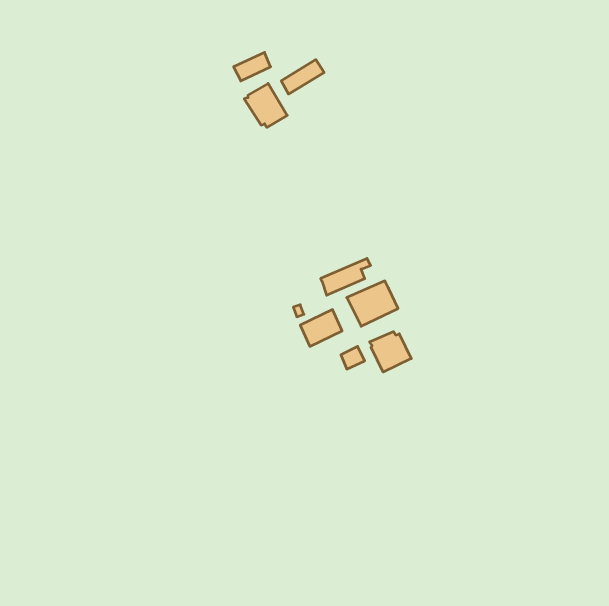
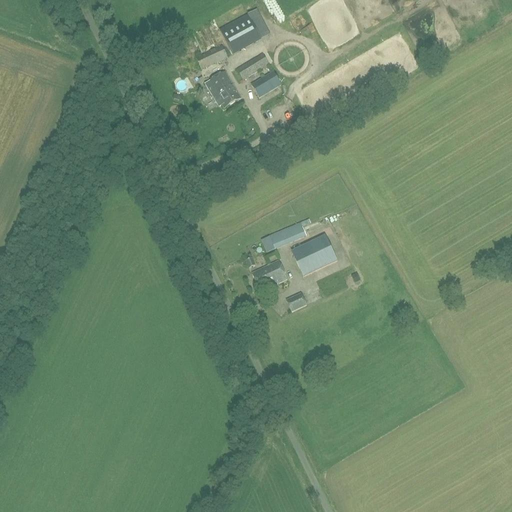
building: none -> [220,14,261,53]
building: none -> [252,71,281,96]
building: [370,332,411,372] -> none

